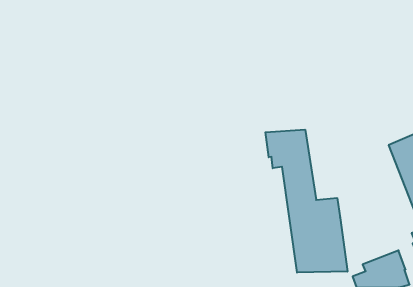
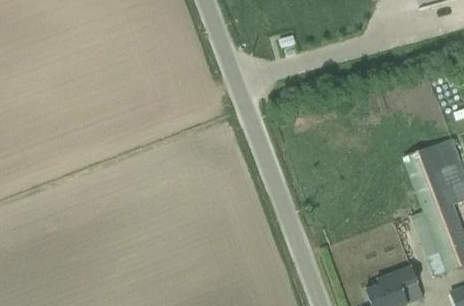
building: [265,130,347,273] -> none

